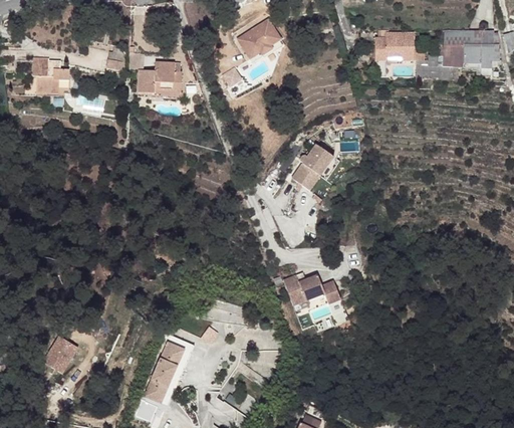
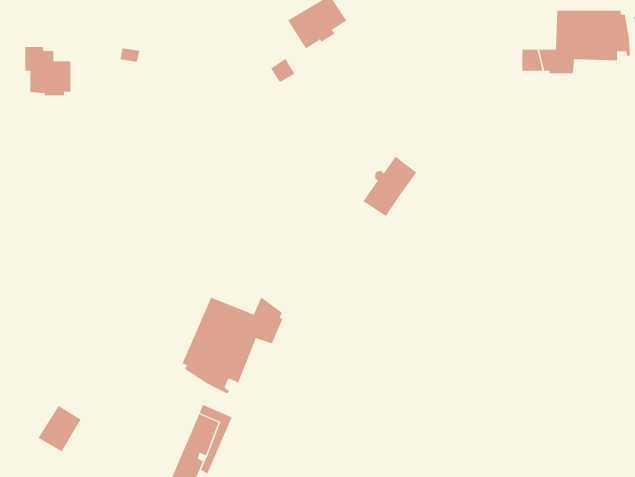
building: [373,29,413,61] -> none
building: [137,61,182,94] -> none
building: none -> [182,296,283,394]
building: [285,274,343,309] -> none

